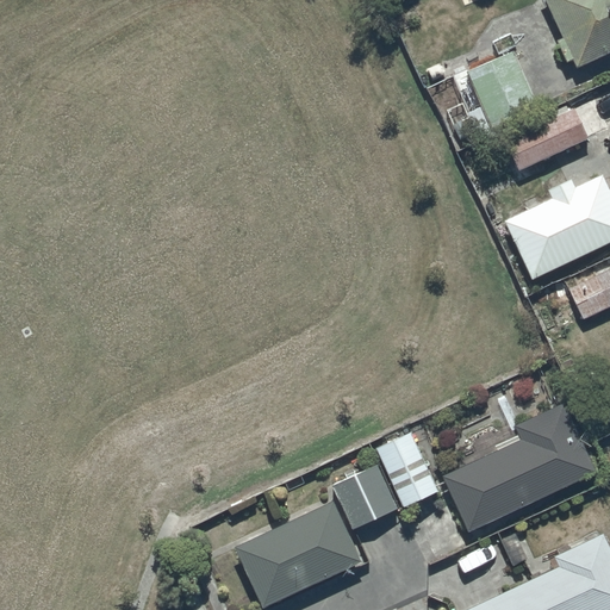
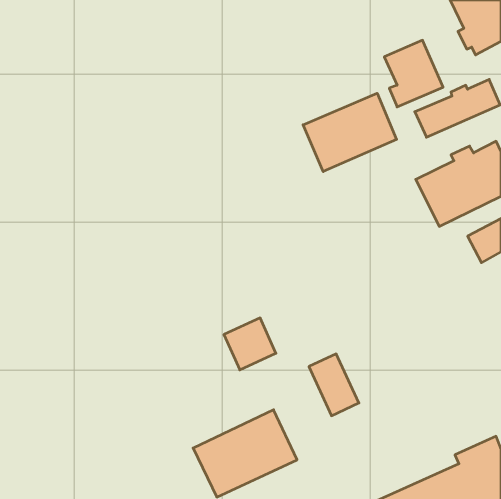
building: none -> [303,93,397,172]
building: [443,403,596,533] -> none
building: [332,466,396,529] -> [224,318,276,370]

